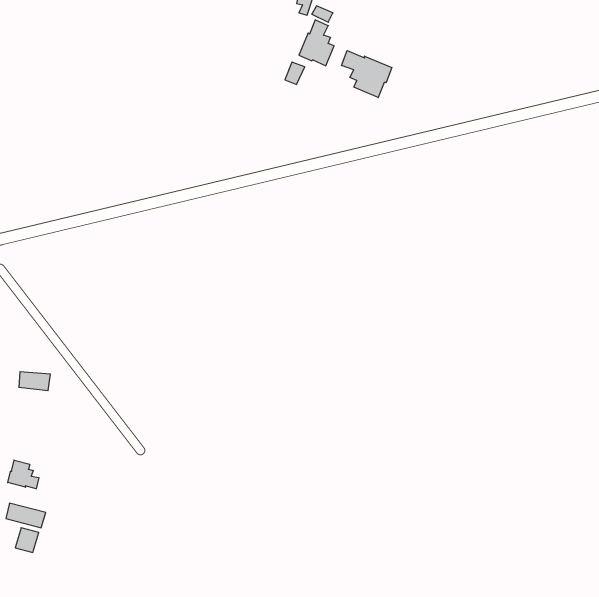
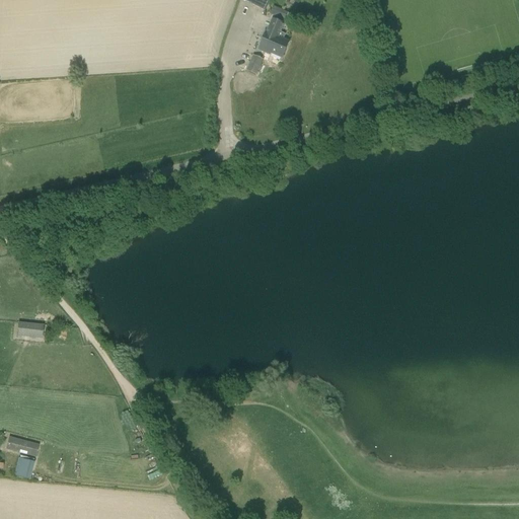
building: [342,51,392,98] -> none
building: [8,460,39,489] -> none

